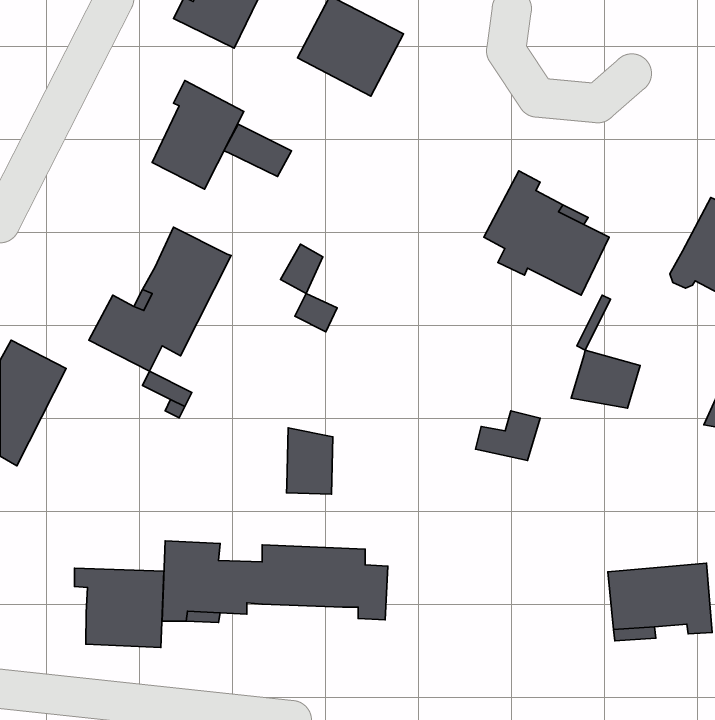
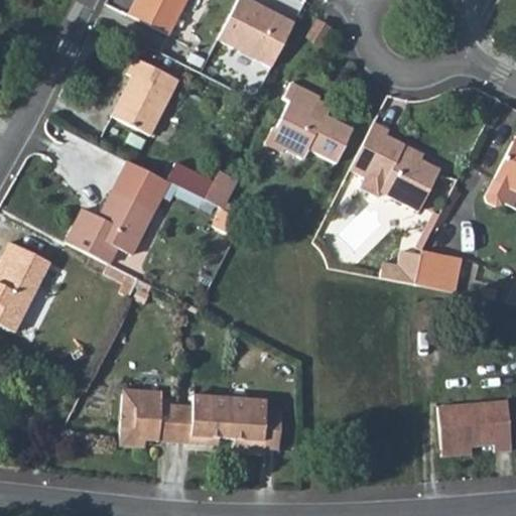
building: none -> [266,81,354,160]
building: [224,124,292,176] -> [166,162,215,200]
building: [475,411,540,460] -> [375,249,421,284]
building: [286,428,333,494] -> none
building: [74,568,164,648] -> none

